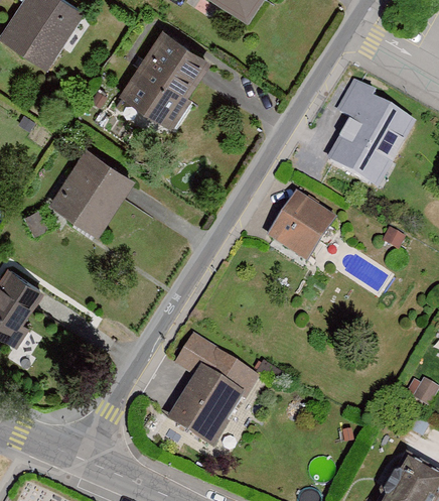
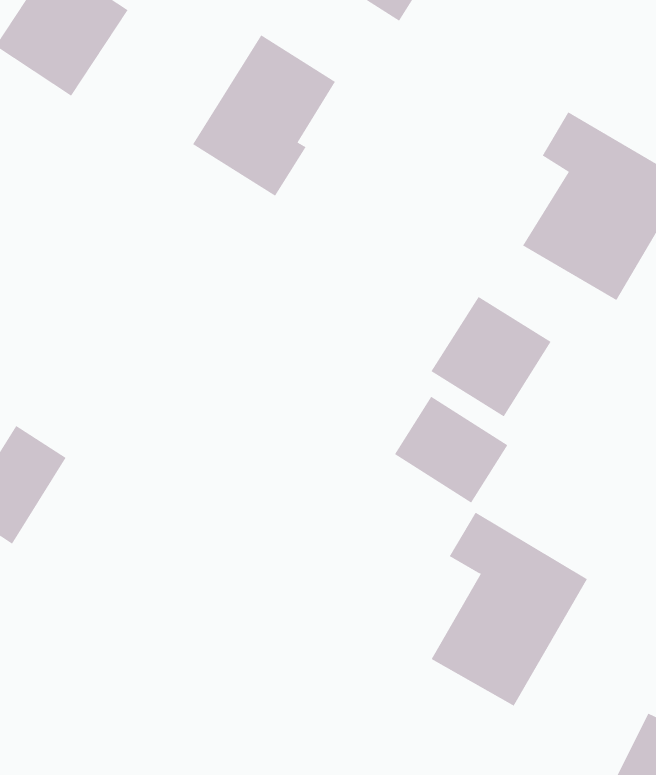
building: [49,150,132,236] -> none
building: none -> [394,396,508,504]
building: [163,334,260,454] -> [431,512,588,707]

